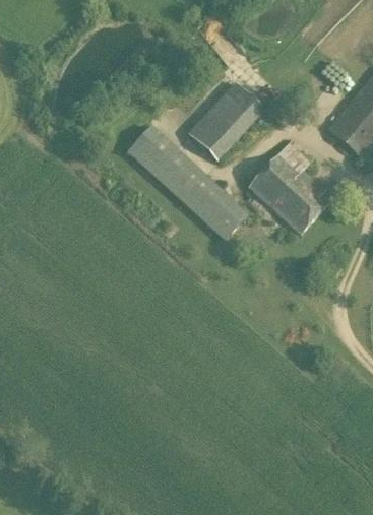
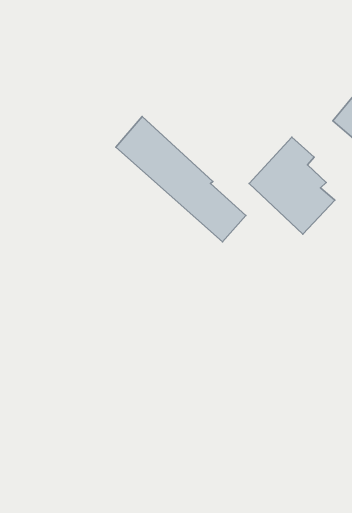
building: [187,79,265,159] -> none

